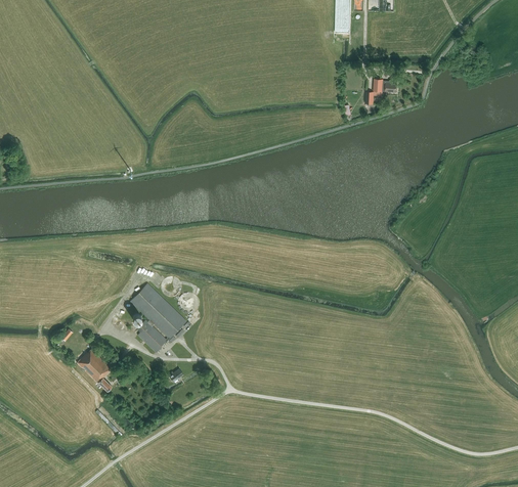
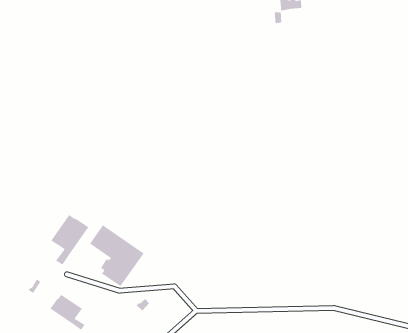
building: none -> [50,214,89,266]

